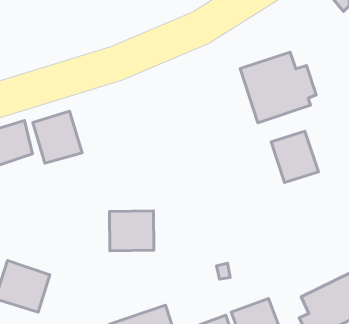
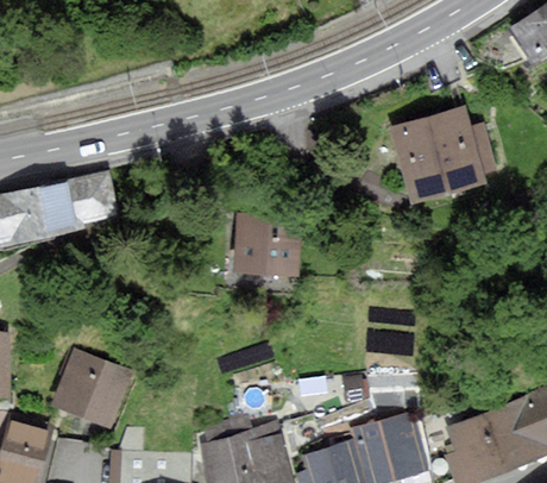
building: [33,111,82,163] -> none
building: [271,131,318,183] -> none
building: [110,211,154,251] -> [237,217,297,271]

